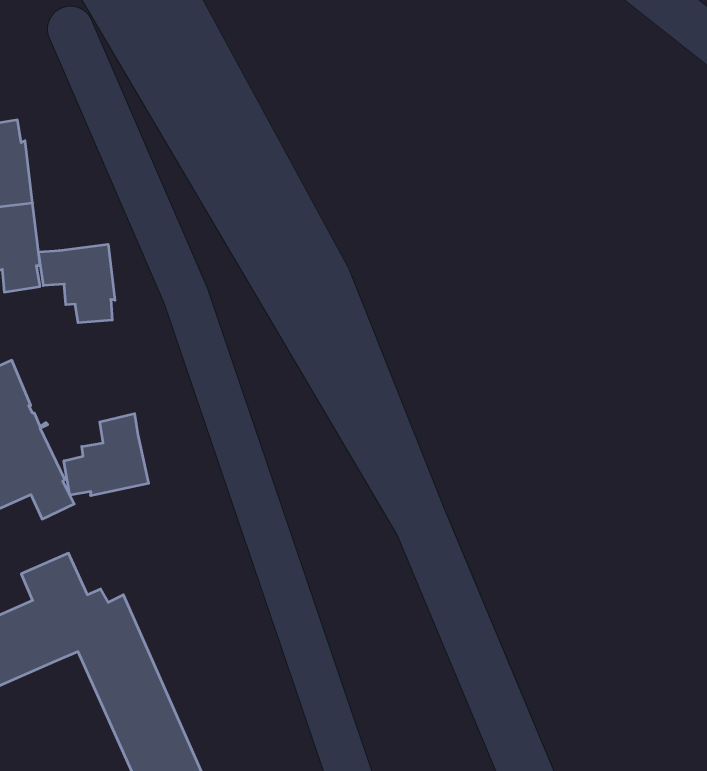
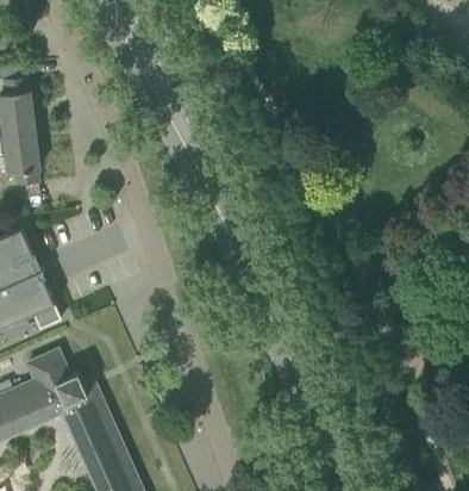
building: [38,244,115,323] -> none
building: [64,414,149,496] -> none

